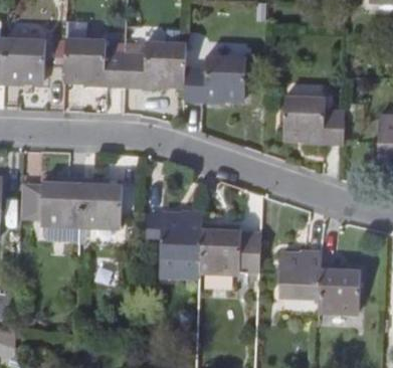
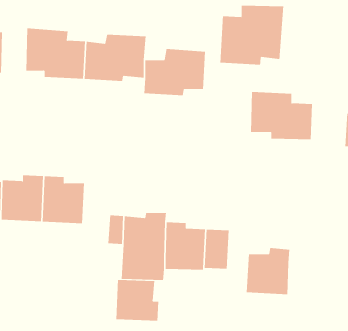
building: none -> [220,5,284,65]
building: [323,266,364,314] -> none
building: none -> [116,279,159,321]

